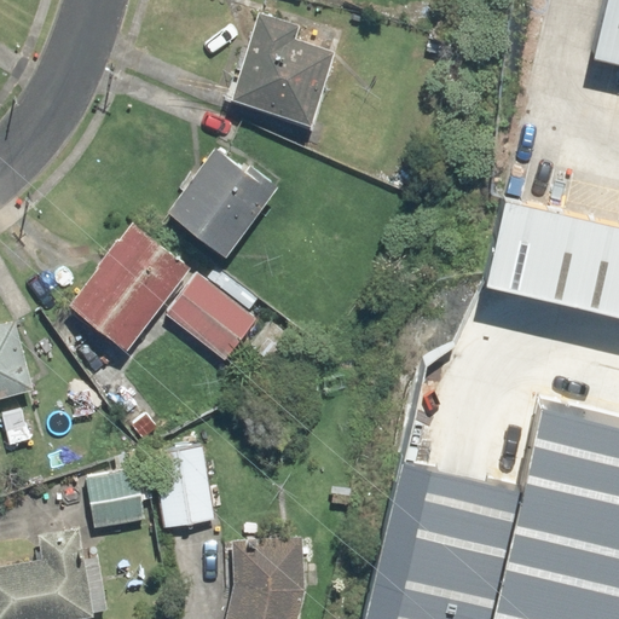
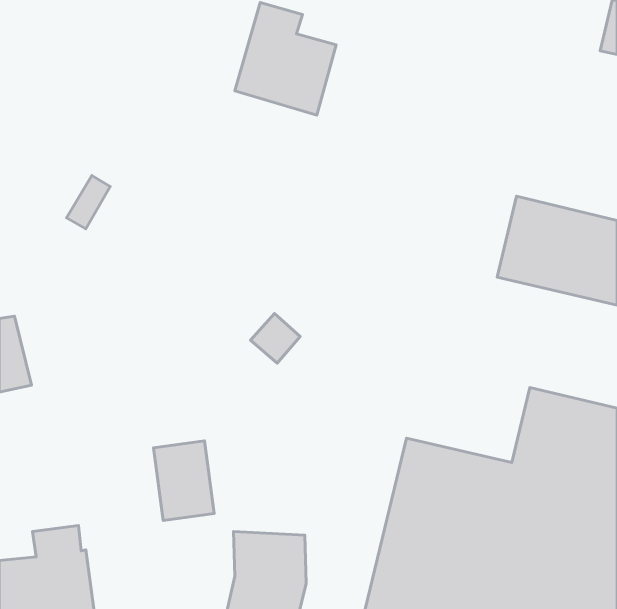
building: [170,147,279,256] -> none
building: [70,225,190,352] -> none
building: [167,271,258,363] -> none
building: [86,474,145,532] -> none

